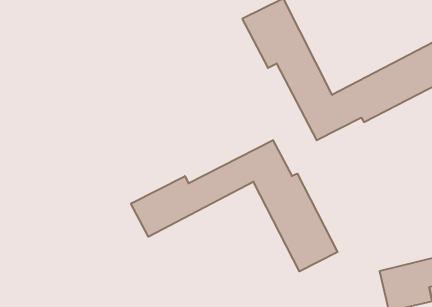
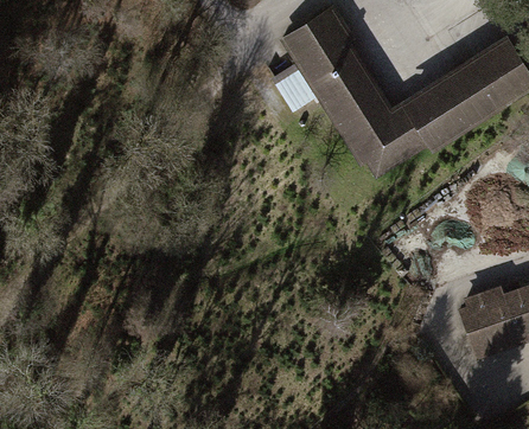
building: [131,140,338,271] -> none

